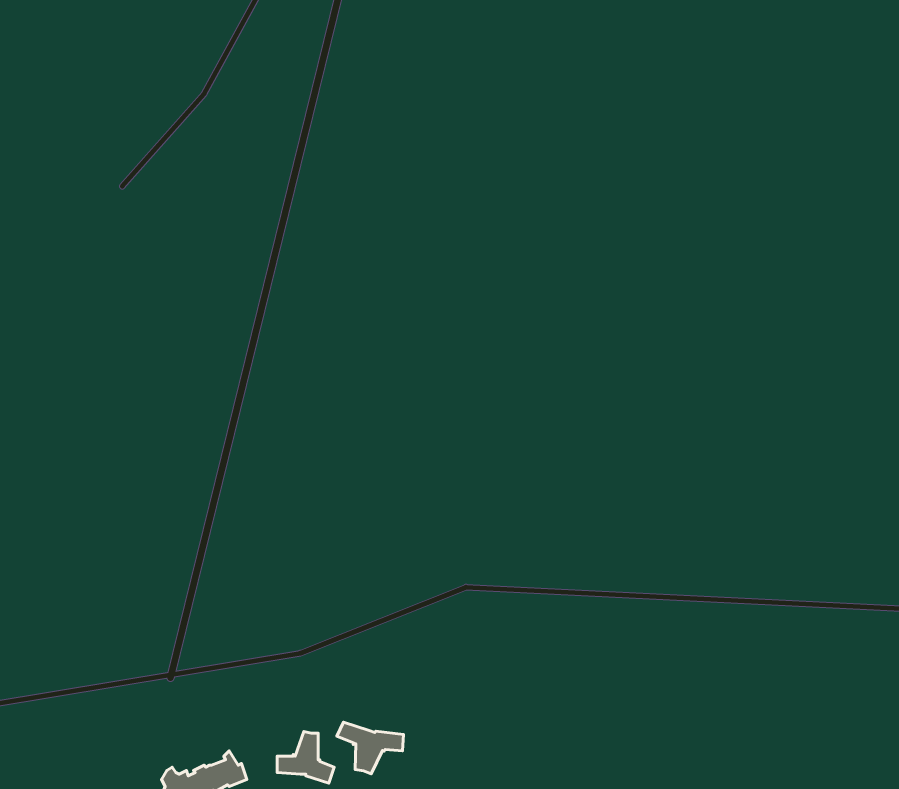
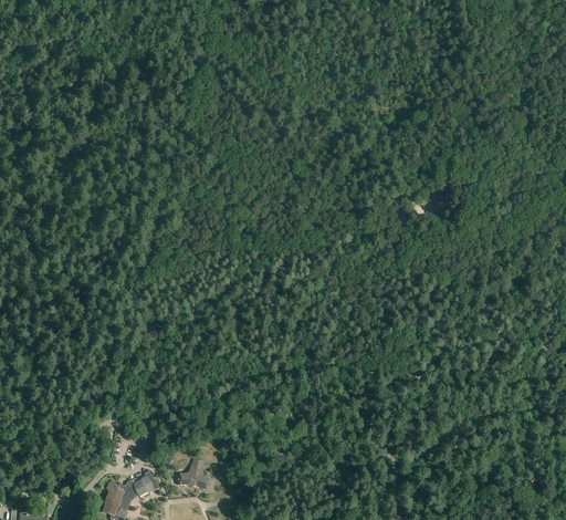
building: [337,722,404,774] -> none

